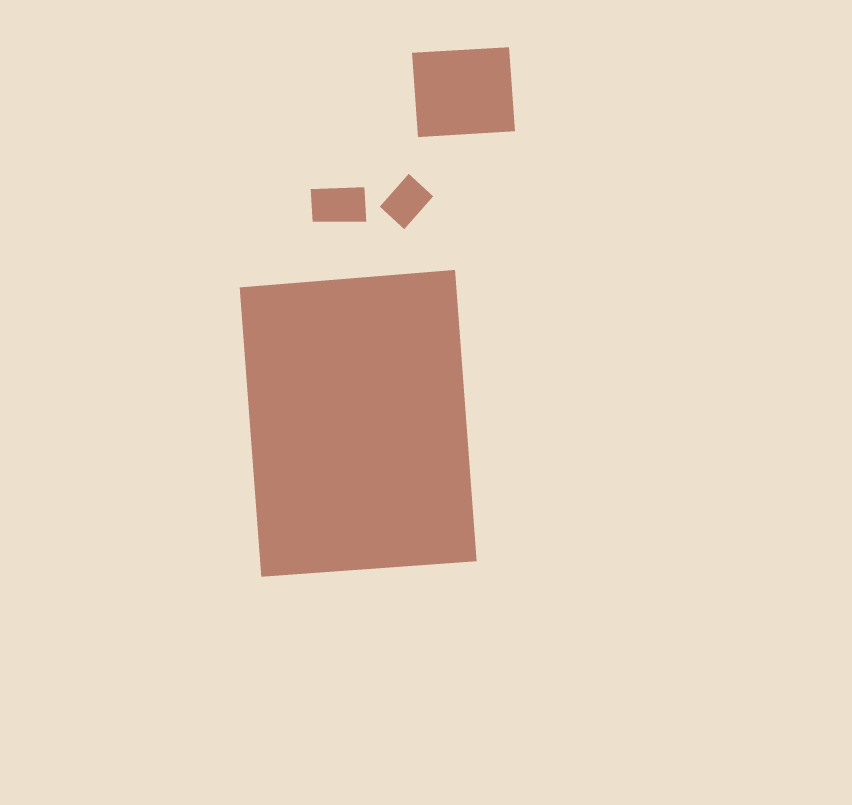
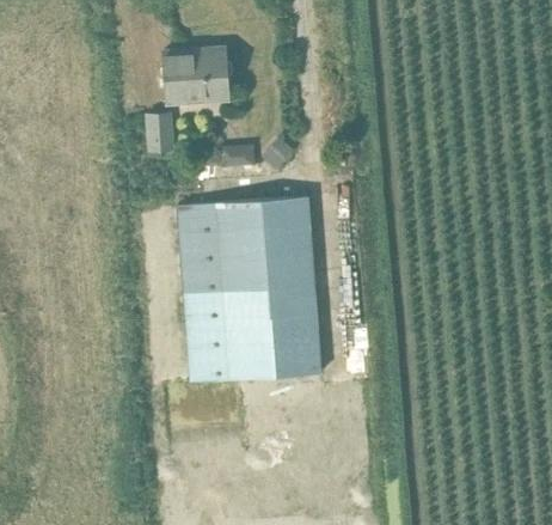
building: [411,47,516,137] -> [165,49,228,104]
building: none -> [146,112,174,153]

